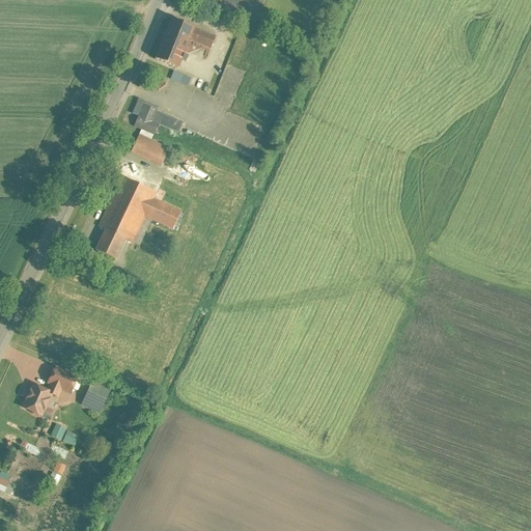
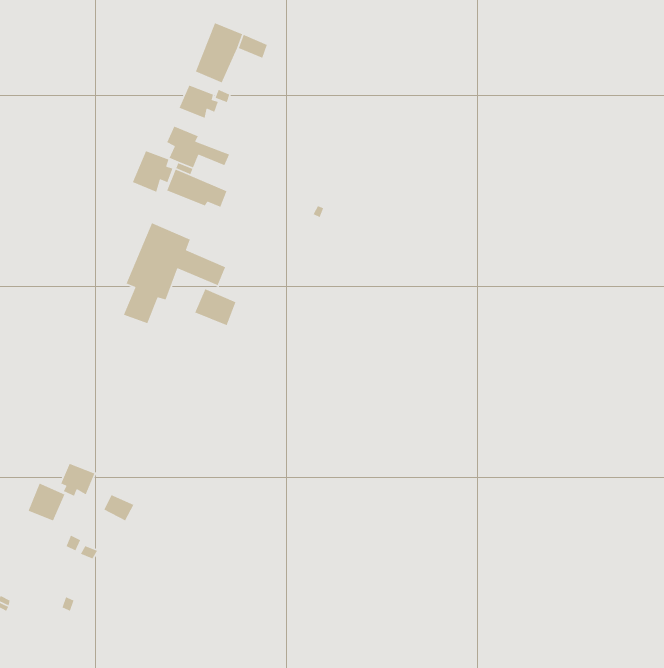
building: none -> [179,84,219,119]
building: none -> [132,150,173,193]
building: none -> [194,288,237,326]

